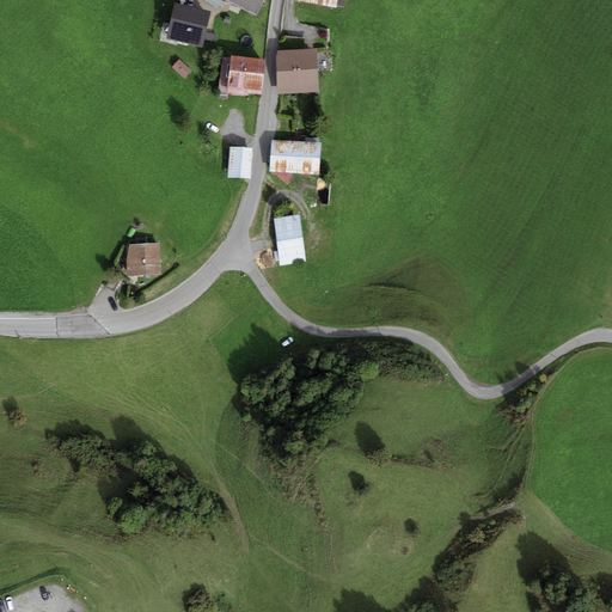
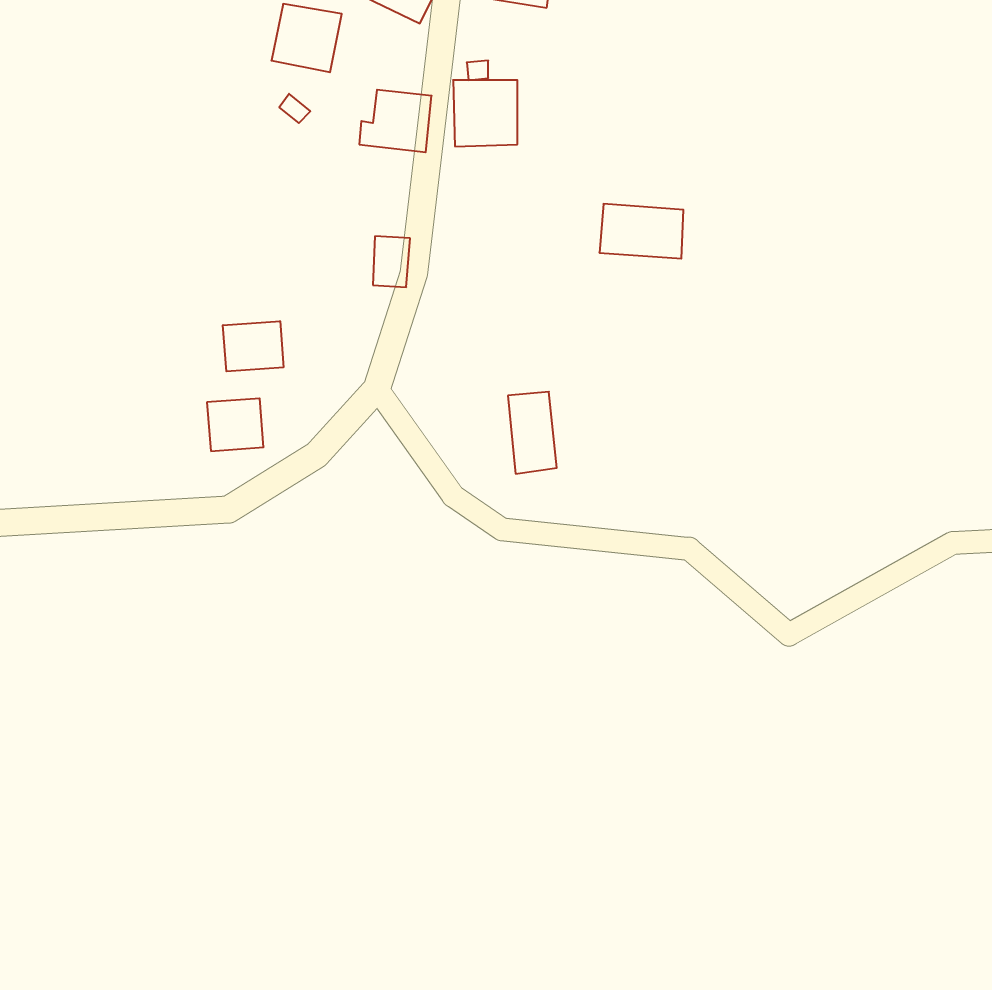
building: [269,140,320,173] -> [599,204,683,259]
building: none -> [223,321,283,371]
building: [275,214,305,264] -> [508,392,557,474]

